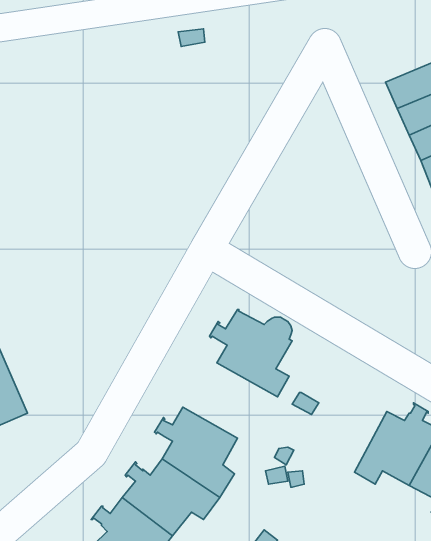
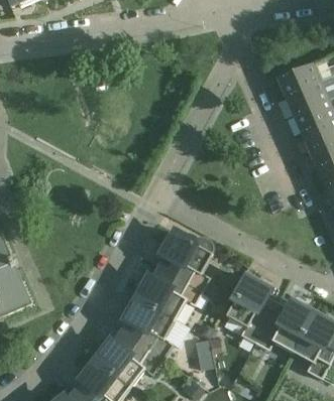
building: none -> [137,267,203,318]
building: none -> [226,276,277,342]

